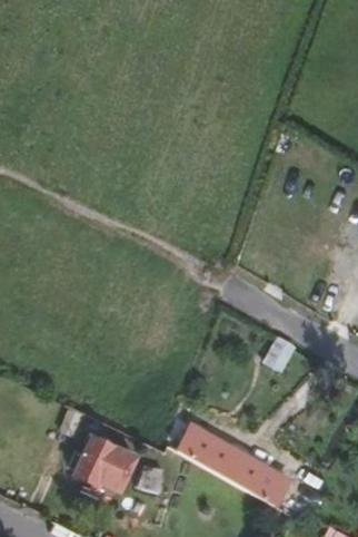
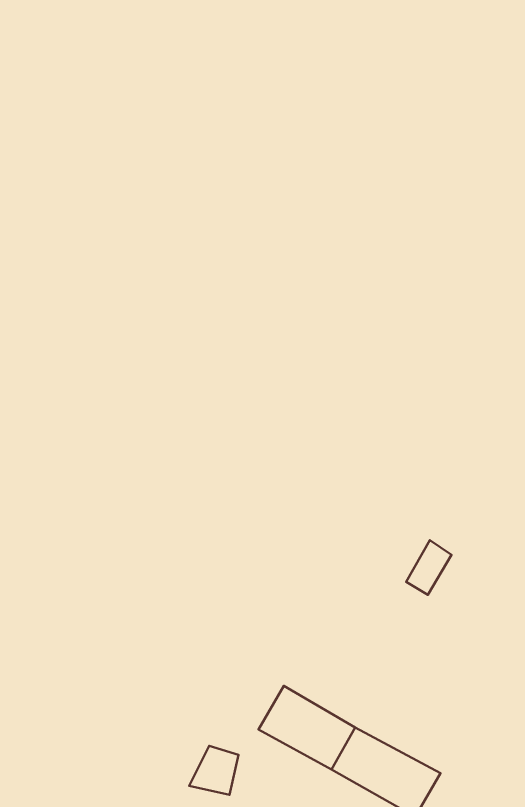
building: [70,436,132,491] -> none

